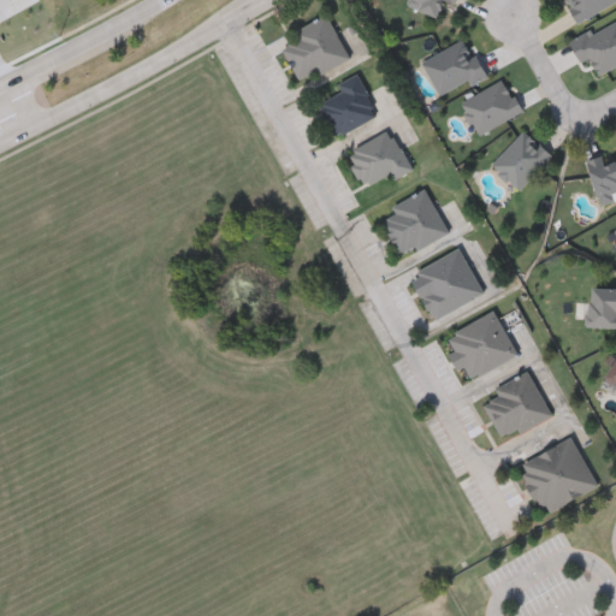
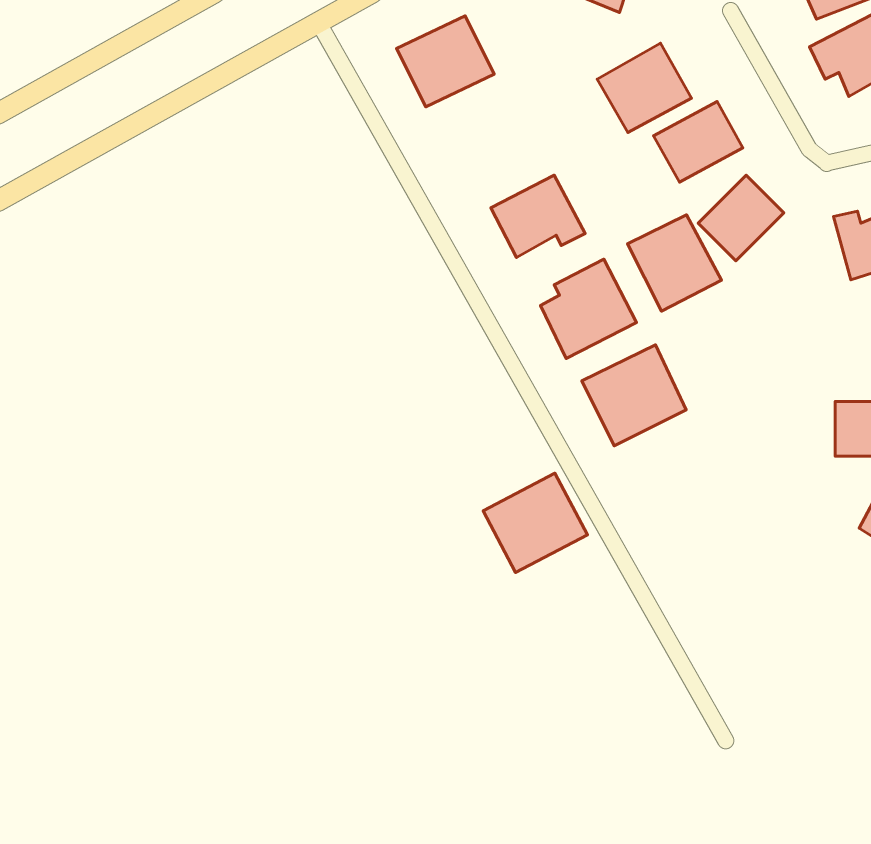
building: [319,73,379,137] -> none
building: none -> [628,215,722,311]
building: [444,312,517,381] -> [483,473,588,573]
building: [481,373,552,442] -> none
building: [520,438,598,514] -> none

